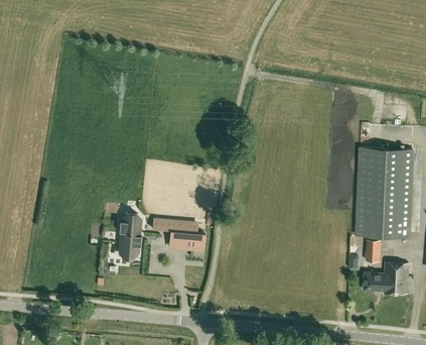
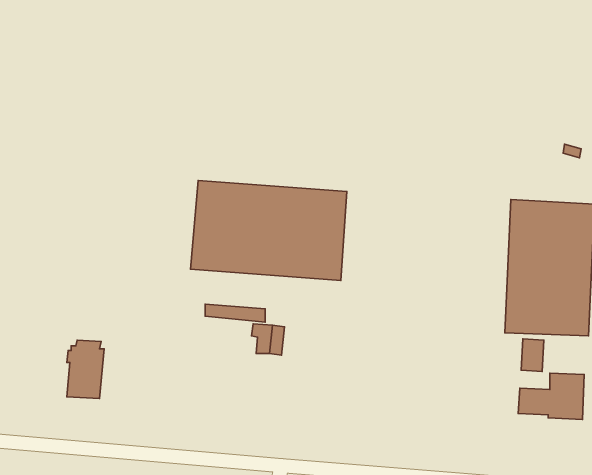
building: none -> [191,180,347,280]
building: [116,214,141,253] -> [67,340,104,398]

